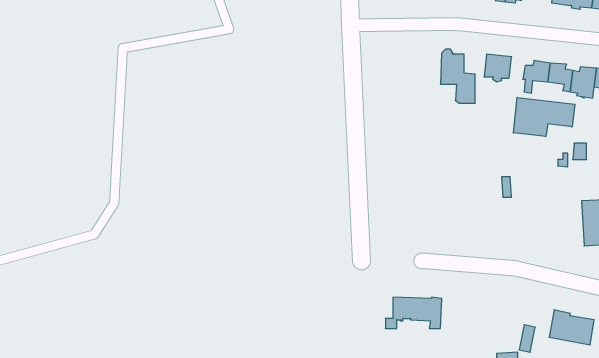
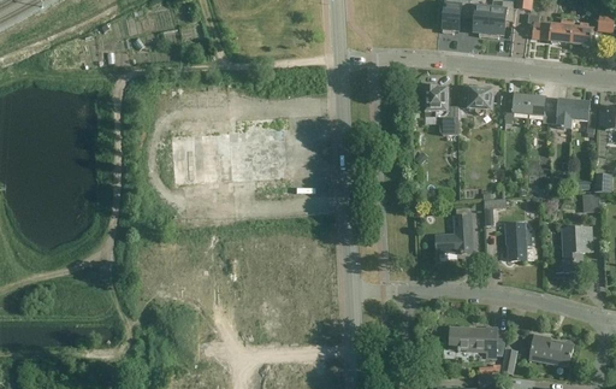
building: [513,97,575,137] -> none
building: none -> [436,207,473,253]
building: none -> [505,222,527,260]
building: [385,297,442,328] -> [443,326,497,356]

